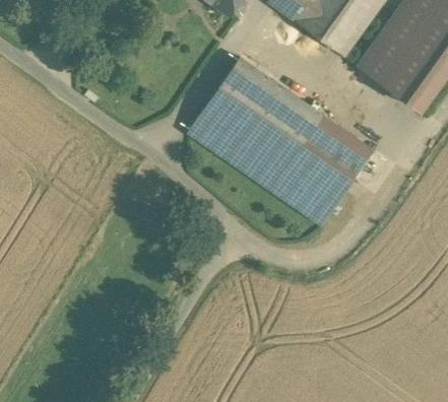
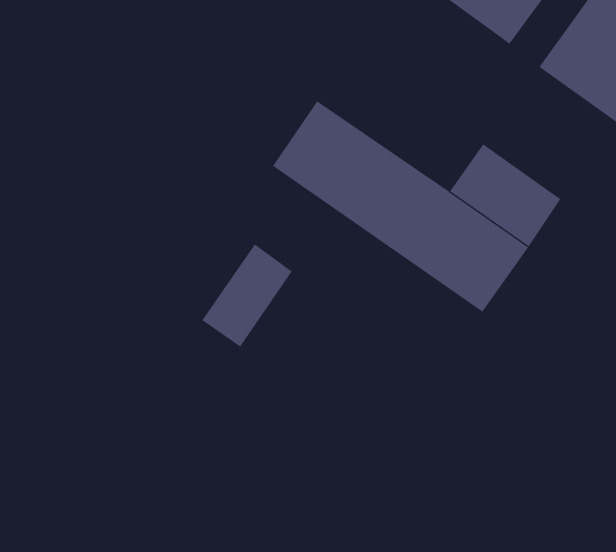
building: [214,56,320,144] -> none
building: none -> [201,244,292,347]

